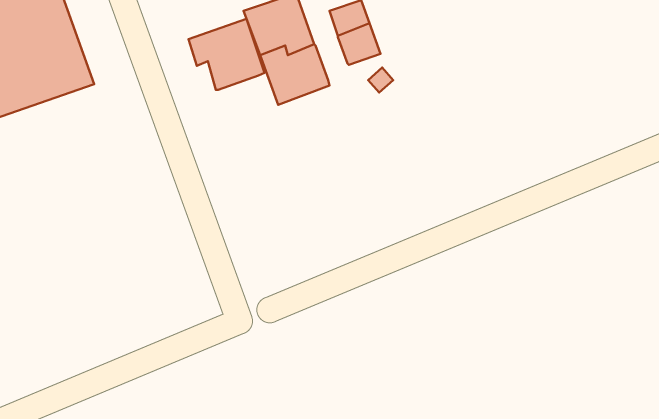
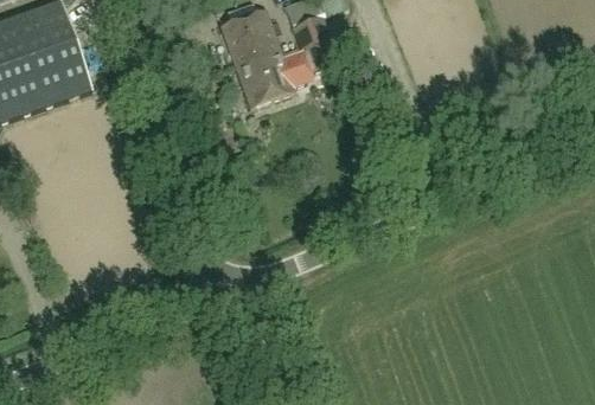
building: [188,19,265,90] -> none

